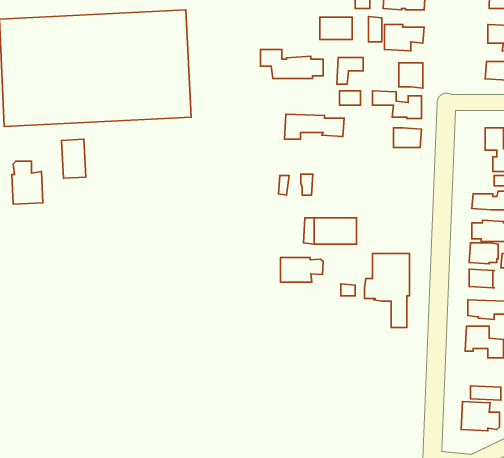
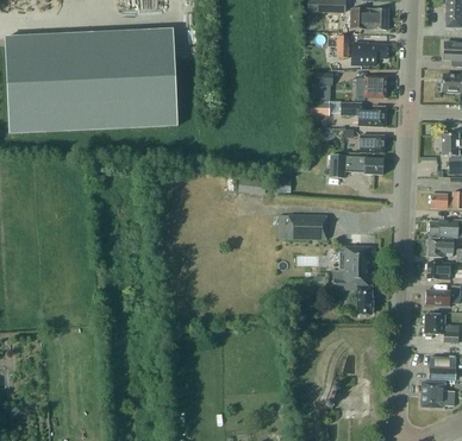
building: [320,17,352,40] -> none
building: [261,49,323,78] -> none
building: [285,114,344,139] -> [330,155,383,177]
building: [62,139,86,178] -> none
building: [12,161,43,204] -> none
building: [281,257,323,282] -> none

